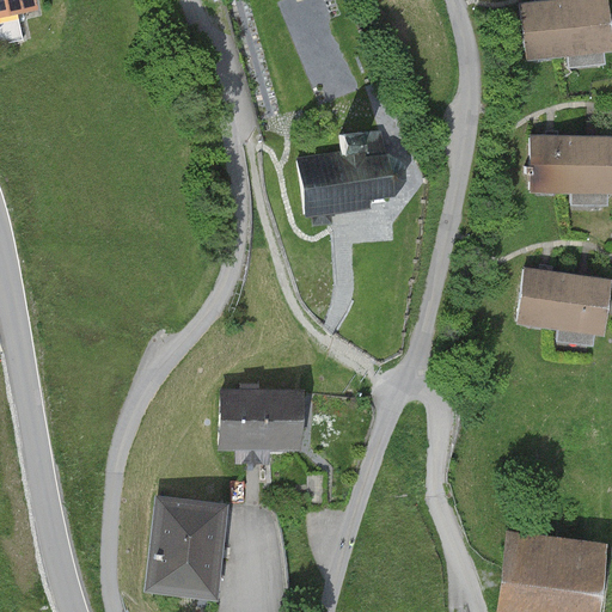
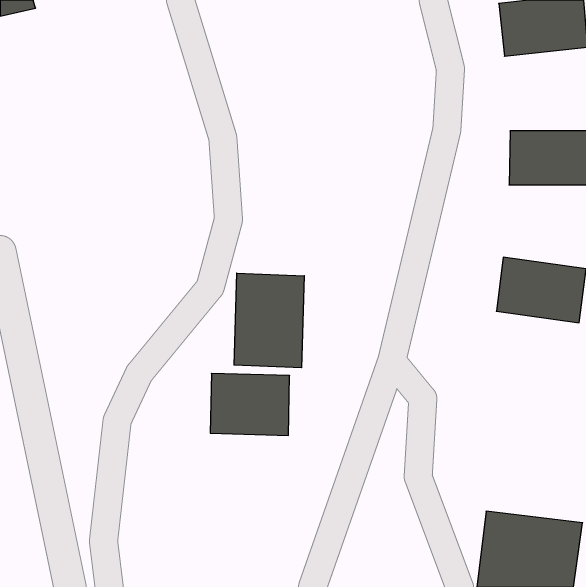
building: [299,131,406,226] -> none
building: none -> [234,273,304,368]
building: [146,497,228,601] -> none

